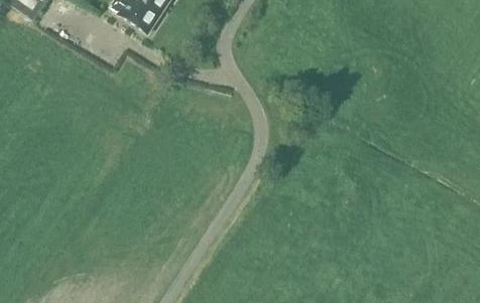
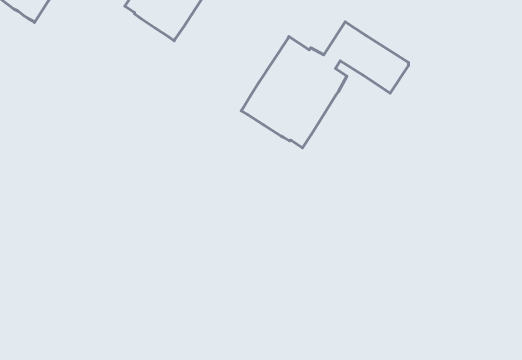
building: none -> [241,22,408,148]

